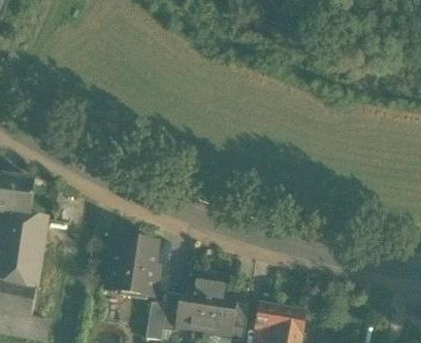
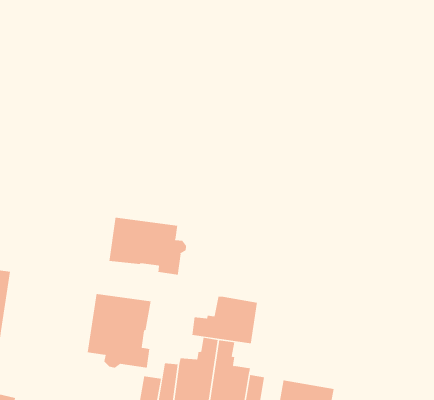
building: none -> [109,217,187,275]
building: none -> [192,296,258,344]

